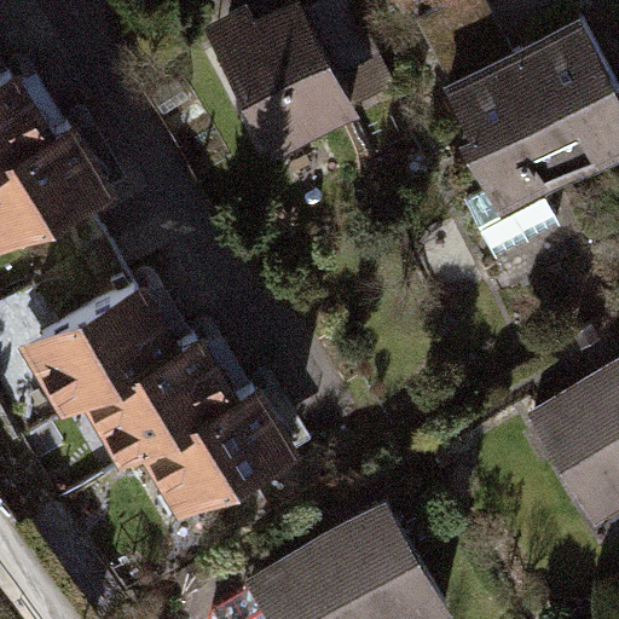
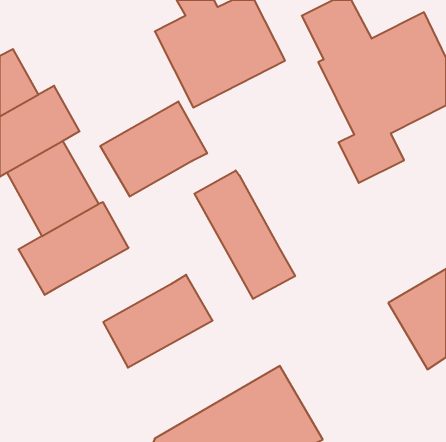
building: none -> [100,101,207,197]
building: none -> [194,170,295,299]
building: [85,336,236,464] -> none

